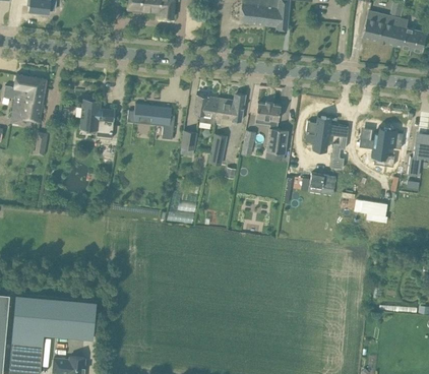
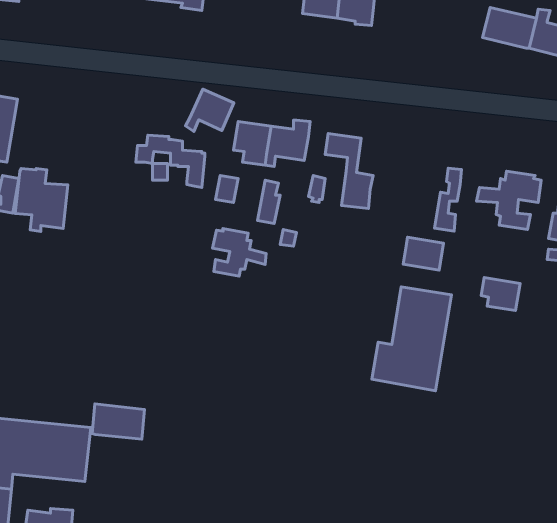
building: none -> [185,89,234,131]
building: [79,99,115,141] -> [15,168,68,231]
building: [306,117,336,157] -> none
building: none -> [213,229,266,276]
building: none -> [372,287,452,391]
building: none -> [92,404,144,439]

